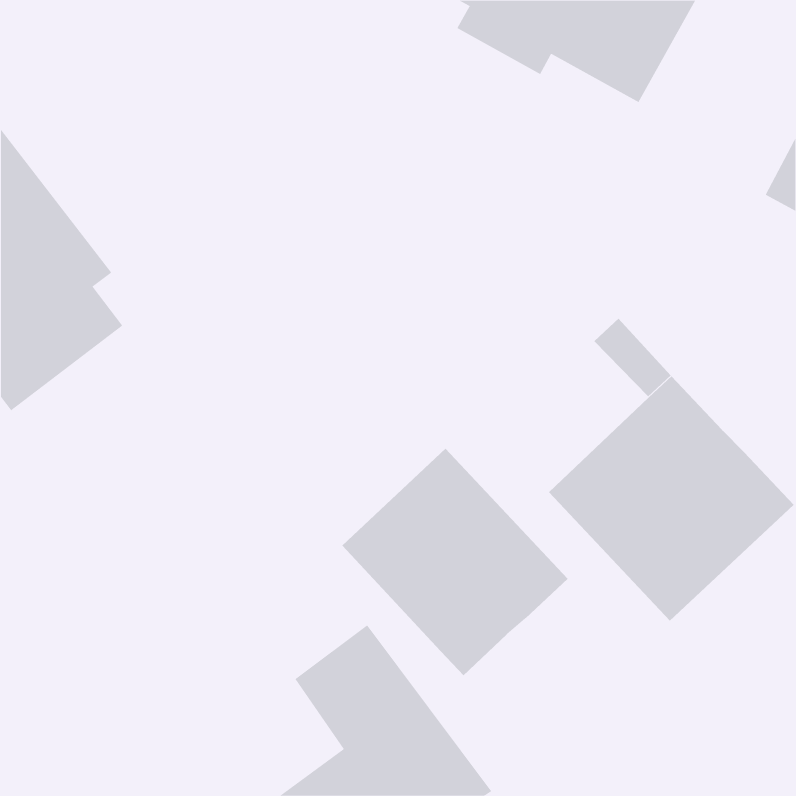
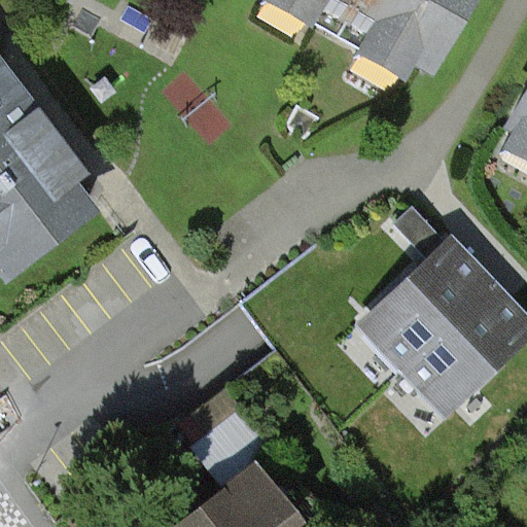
building: [342,448,569,676] -> none

